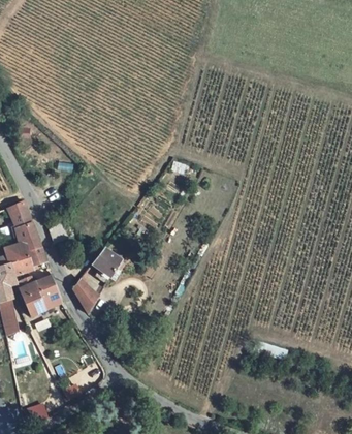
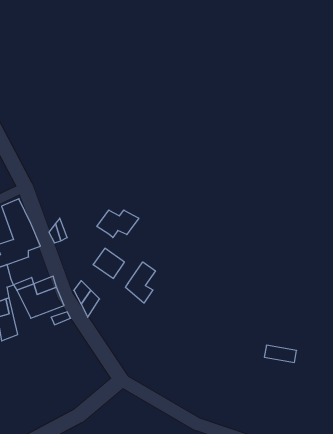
building: none -> [97,210,139,238]
building: [9,247,50,279] -> none
building: none -> [125,262,155,303]

